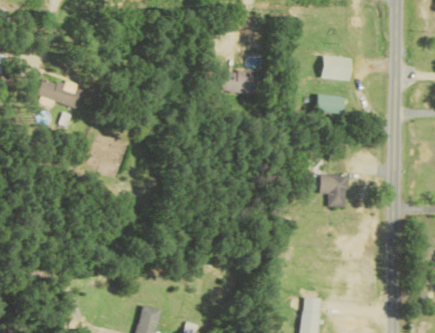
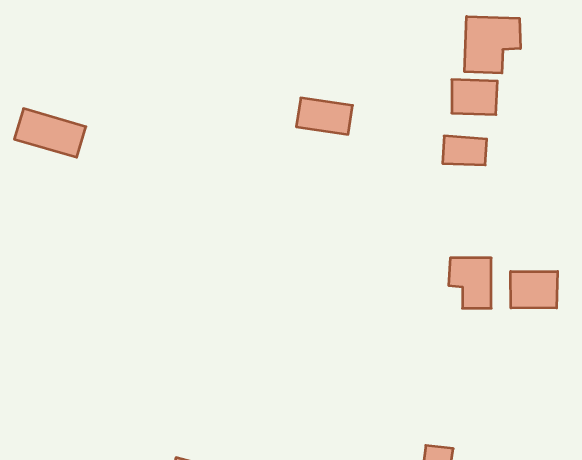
building: none -> [465,16,520,73]
building: none -> [511,271,558,308]

